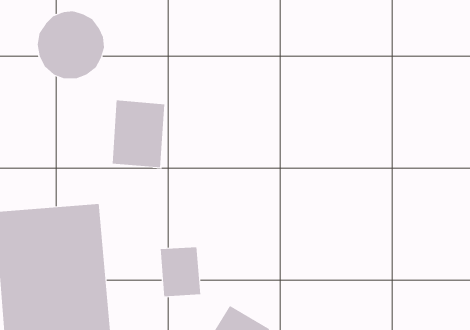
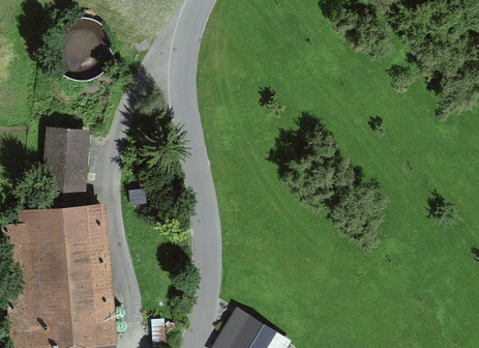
building: [112,100,165,168] -> [41,128,94,196]
building: [160,246,201,297] -> none

